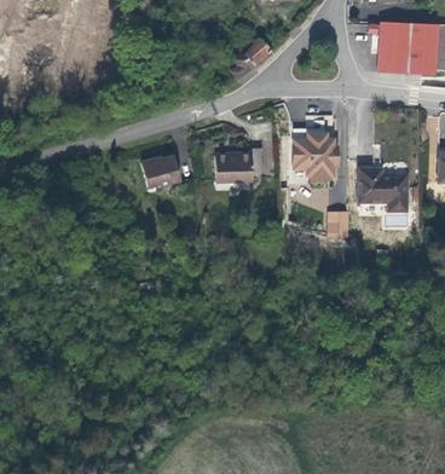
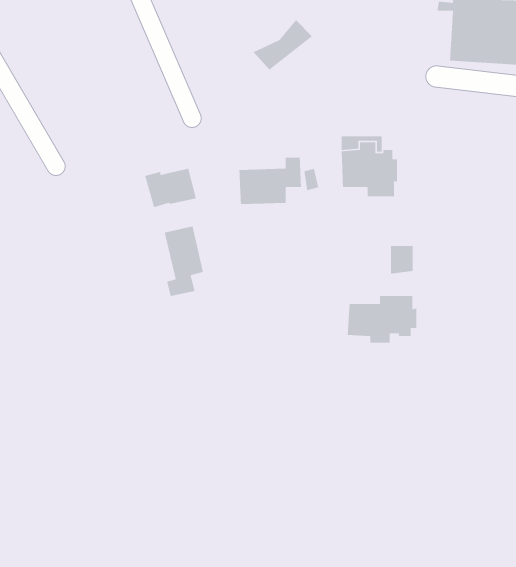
building: [358,169,408,214] -> none
building: none -> [164,226,204,297]
building: none -> [347,295,417,344]

